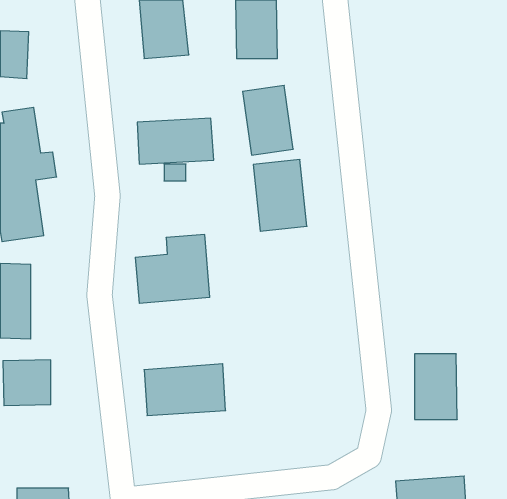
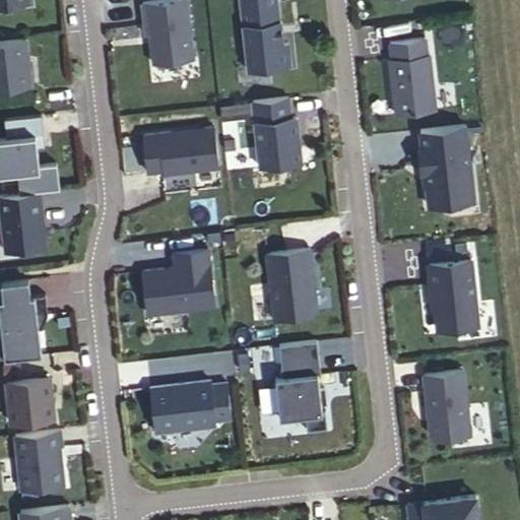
building: none -> [387,40,435,115]
building: none -> [415,125,475,210]
building: [253,160,307,231] -> [263,248,318,321]
building: none -> [428,258,477,332]
building: none -> [273,343,322,417]
building: none -> [11,429,68,492]

